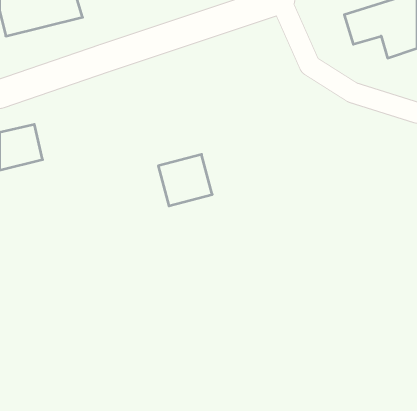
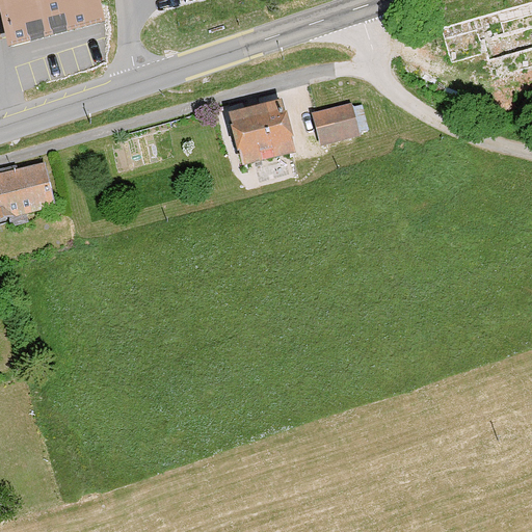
building: none -> [311,98,365,141]
building: [158,154,212,206] -> [225,99,294,164]

